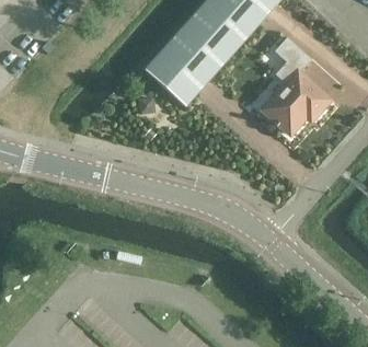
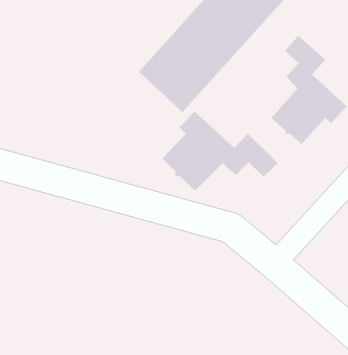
building: none -> [161,110,278,191]

